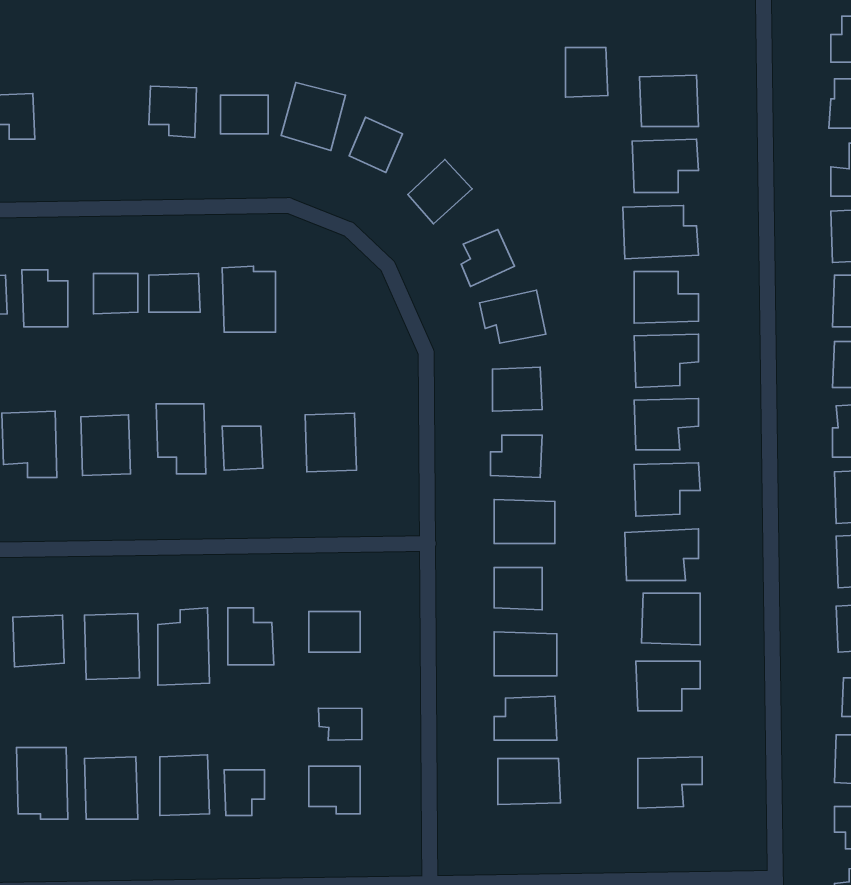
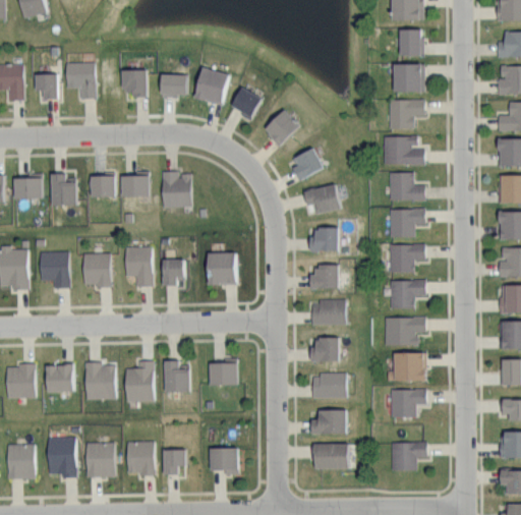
building: [565,48,608,97] -> [400,31,423,58]
building: none -> [66,64,96,100]
building: [319,708,362,740] -> none

